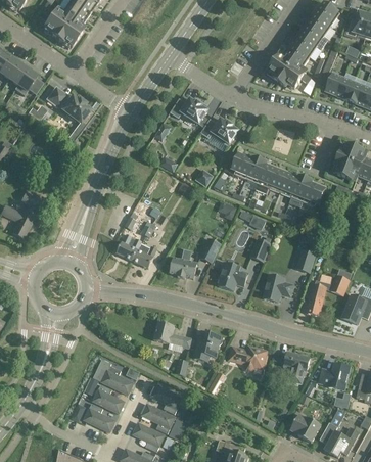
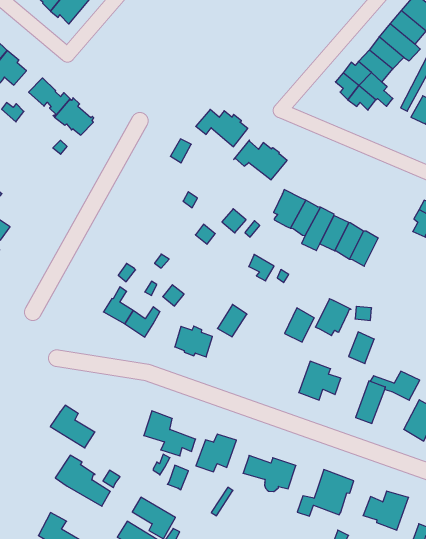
building: [302,180,326,206] -> [315,299,351,336]
building: [218,262,247,290] -> none
building: [92,383,125,413] -> [50,405,95,448]

